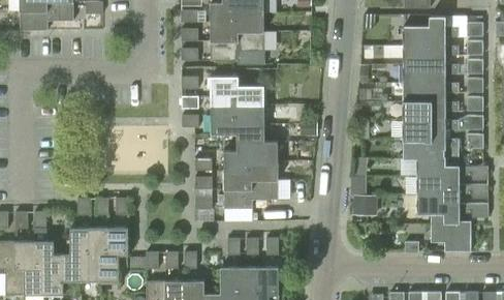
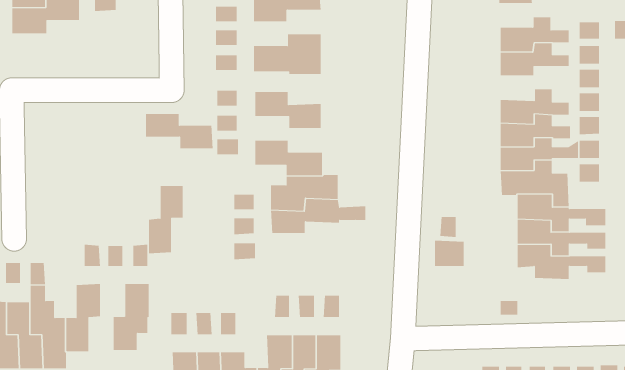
building: [210,12,263,40] -> none
building: [404,57,459,84] -> none
building: [211,96,264,124] -> [145,113,214,149]
building: [224,179,278,208] -> none
building: [431,223,472,252] -> none
building: [81,228,108,281] -> [148,185,184,254]

